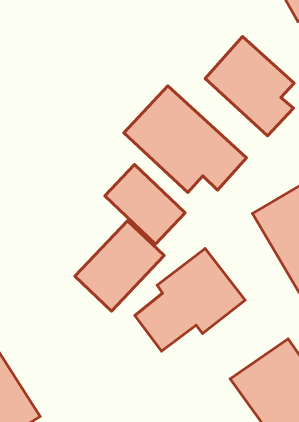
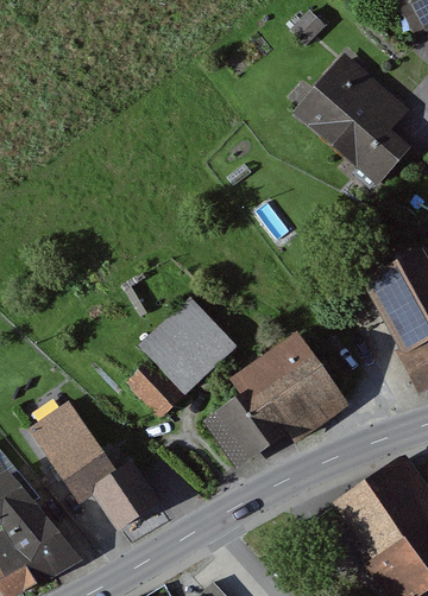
building: [124,86,246,193] -> none
building: [105,164,185,244] -> none
building: none -> [34,400,162,537]

